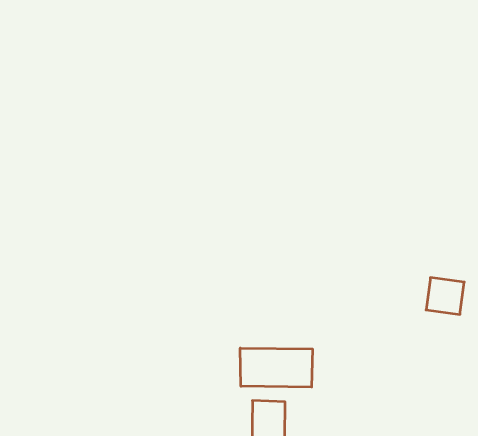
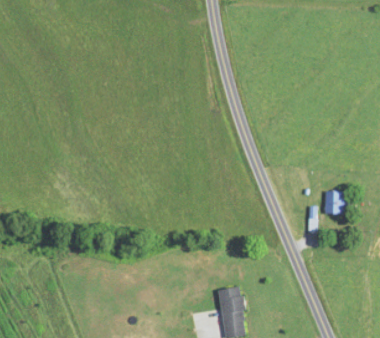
building: [240,348,312,387] -> none

